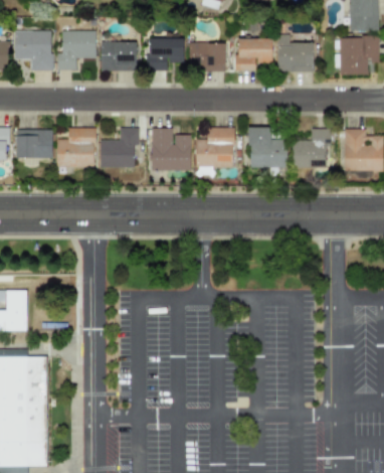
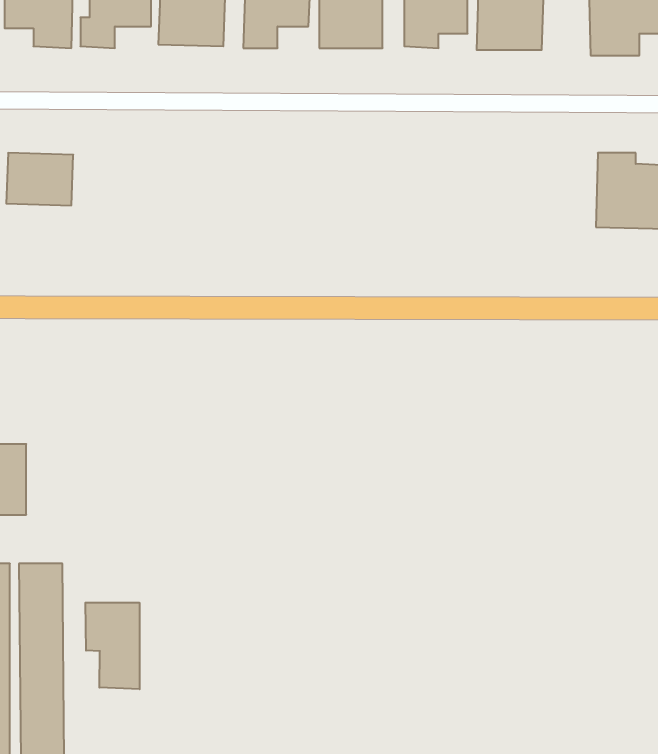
building: [56,127,94,167] -> none
building: [195,127,233,167] -> none
building: [248,127,286,167] -> none
building: [100,128,139,167] -> none
building: [151,128,191,170] -> none
building: [293,128,326,167] -> none
building: none -> [85,603,140,689]

